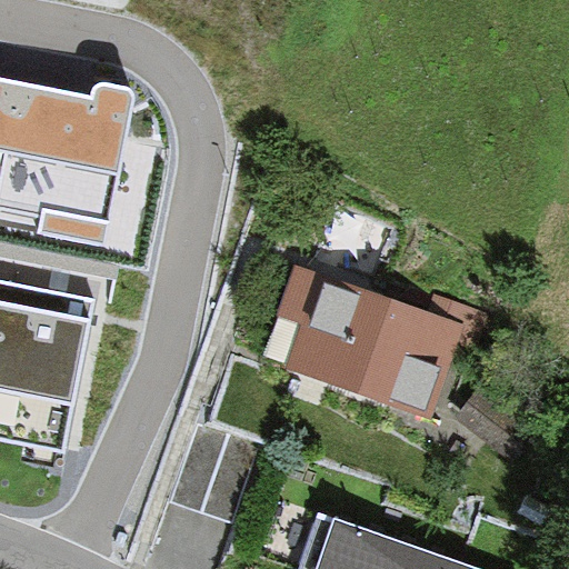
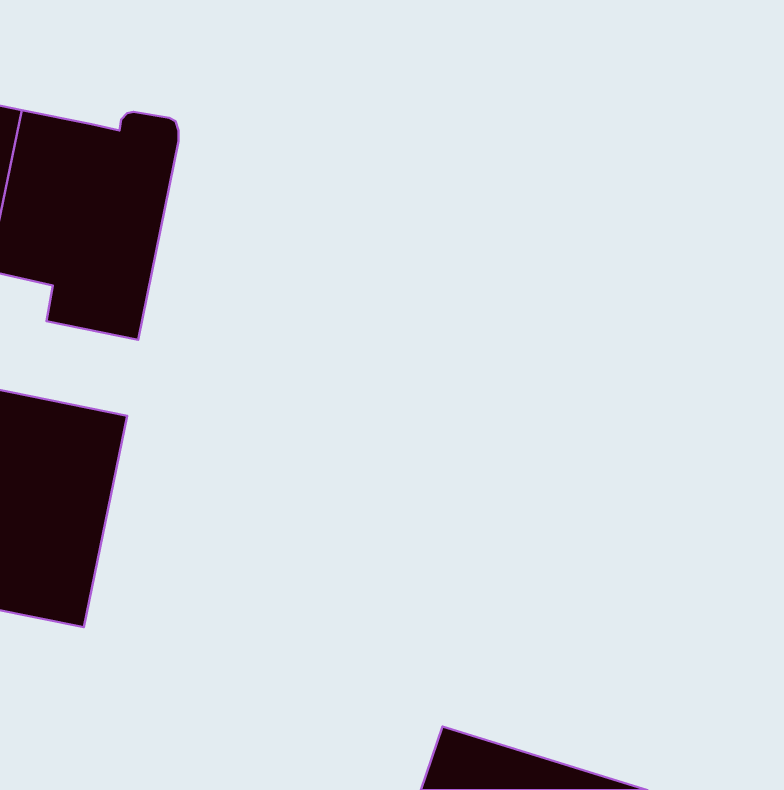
building: [273,269,483,420] -> none

